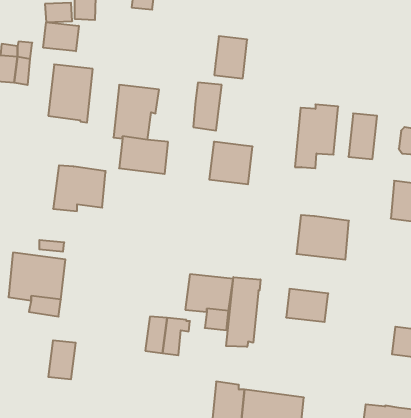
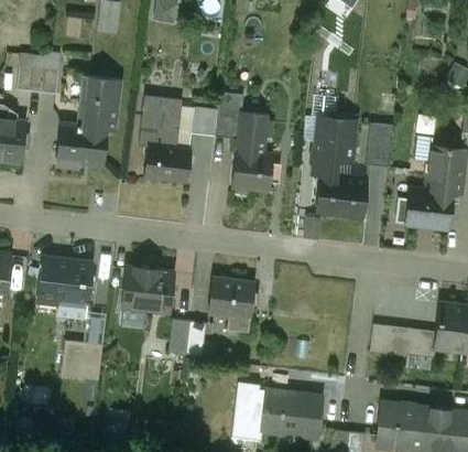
building: [43,22,79,51] -> none
building: [214,36,247,78] -> [237,112,269,153]
building: none -> [191,107,218,136]
building: [53,165,106,211] -> [56,123,107,168]
building: [296,215,349,260] -> [316,174,367,217]
building: none -> [121,267,174,311]
building: [226,277,260,347] -> none
building: [286,289,328,322] -> [370,324,411,356]

